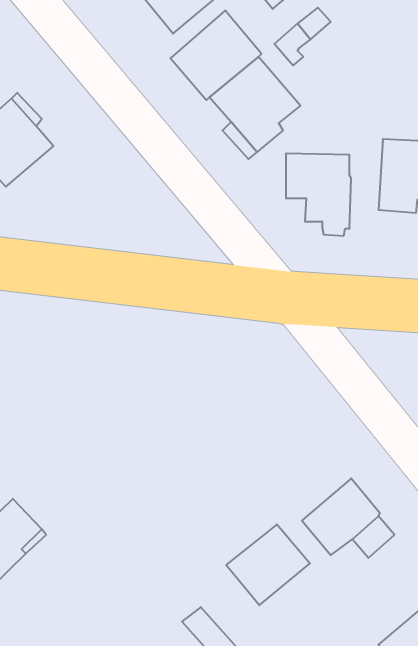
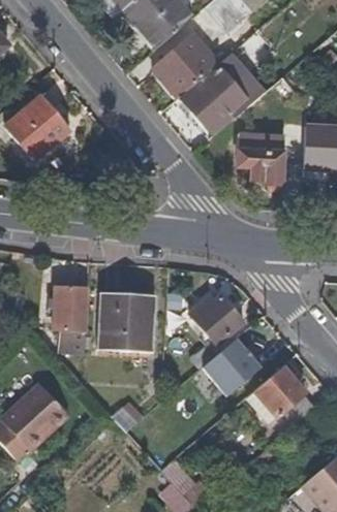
building: none -> [54,282,88,349]
building: none -> [101,291,154,350]
building: none -> [190,295,243,345]
building: [226,524,310,605] -> [204,337,264,394]

